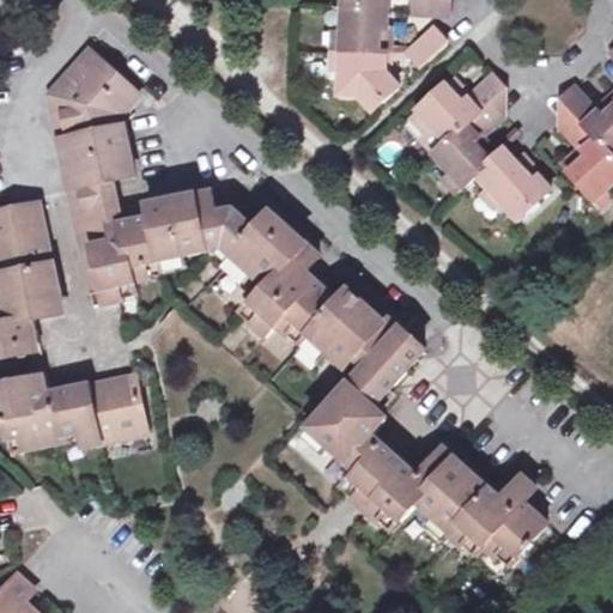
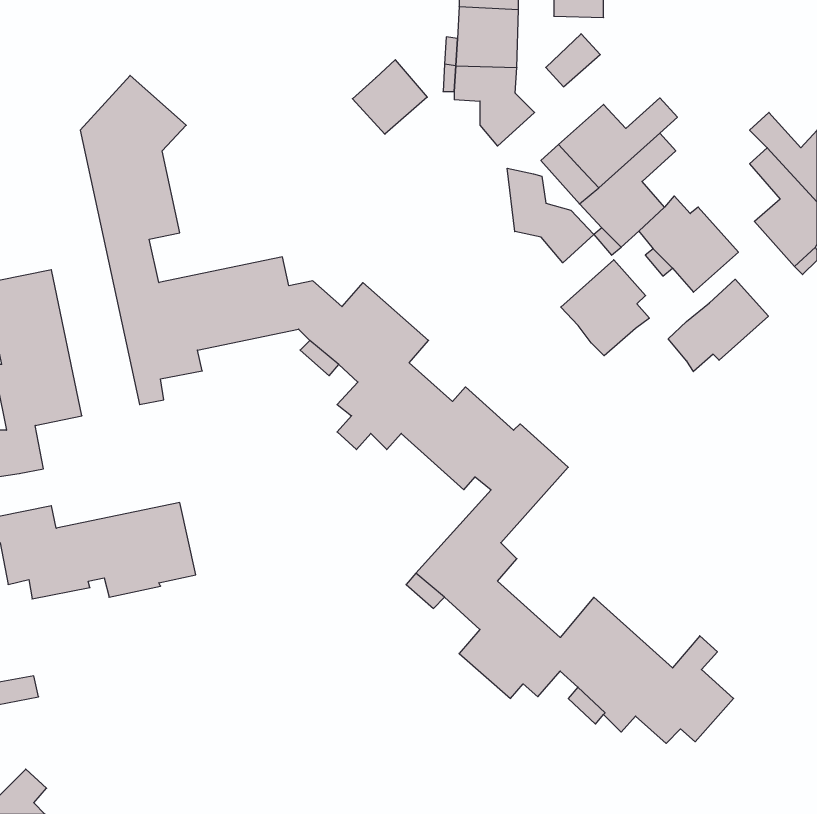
building: none -> [352,60,427,134]
building: [49,49,104,304] -> none
building: none -> [507,168,594,263]
building: none -> [561,260,649,356]
building: none -> [668,279,768,372]

